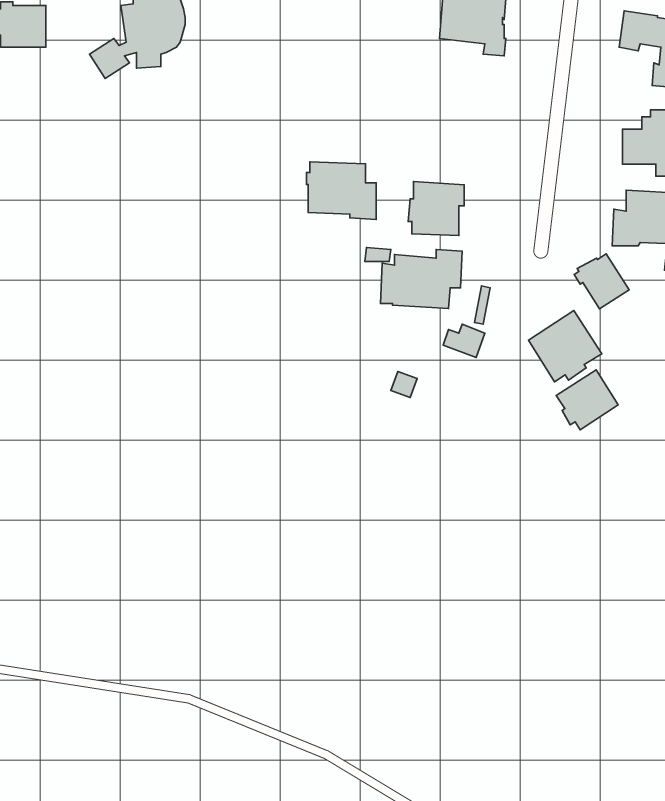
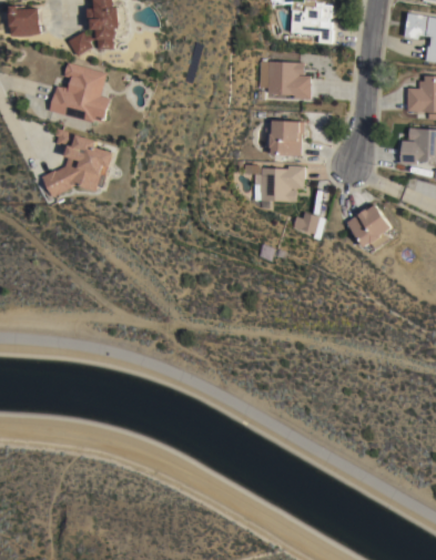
building: none -> [48,62,109,124]
building: [306,162,376,219] -> [266,61,311,98]
building: none -> [42,125,114,194]
building: [574,254,629,309] -> none
building: [556,370,618,430] -> none

